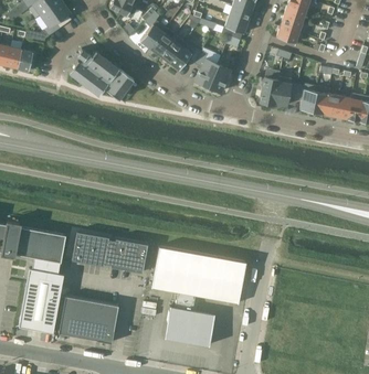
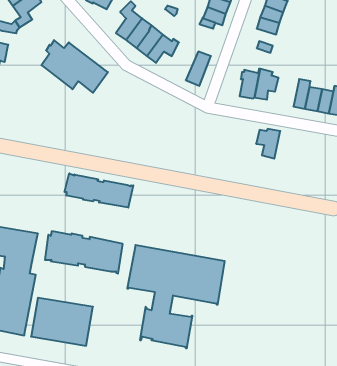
building: [196,52,221,88] -> none
building: [295,85,318,114] -> [256,129,280,159]
building: none -> [65,173,133,208]

